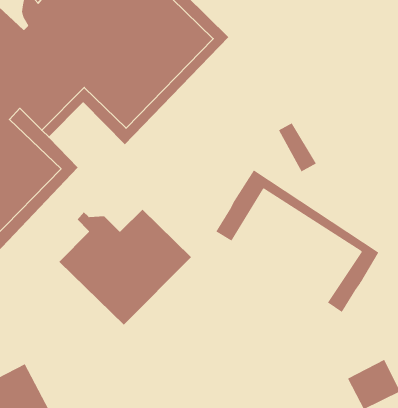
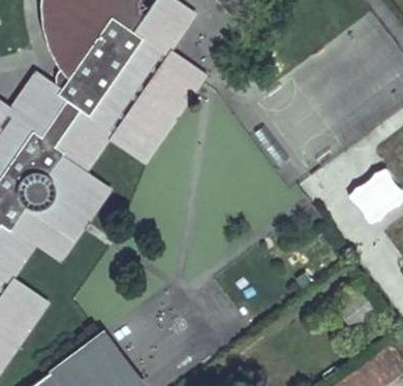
building: [216,169,379,313] -> none
building: [59,209,192,326] -> none

